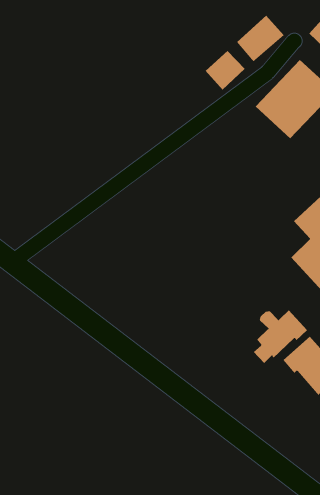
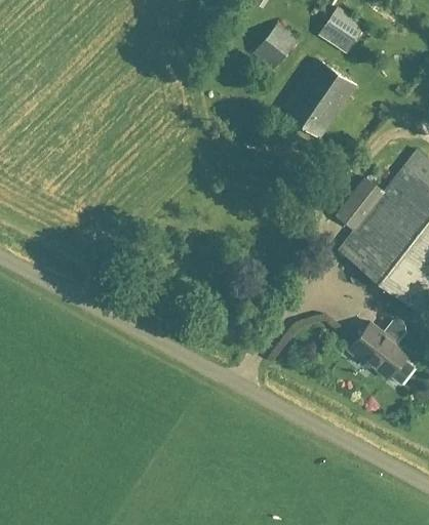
building: [205,50,245,91] -> none
building: [253,310,308,364] -> none

